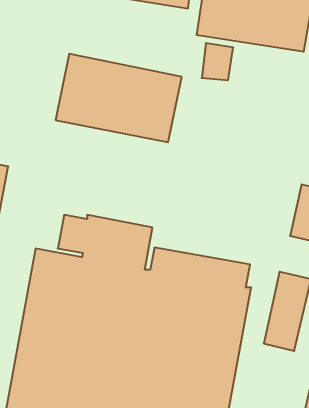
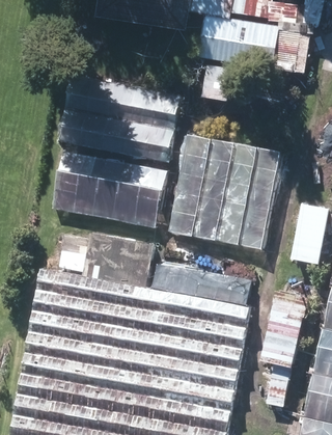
building: none -> [167,133,281,249]
building: none -> [51,152,166,228]

